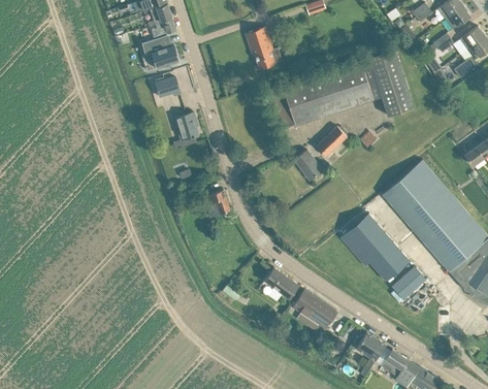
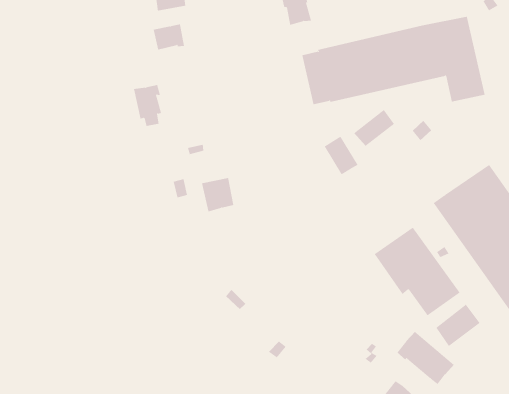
building: [174,112,198,145] -> [133,84,162,126]
building: [264,267,299,299] -> none
building: [292,290,337,329] -> [396,331,455,385]

